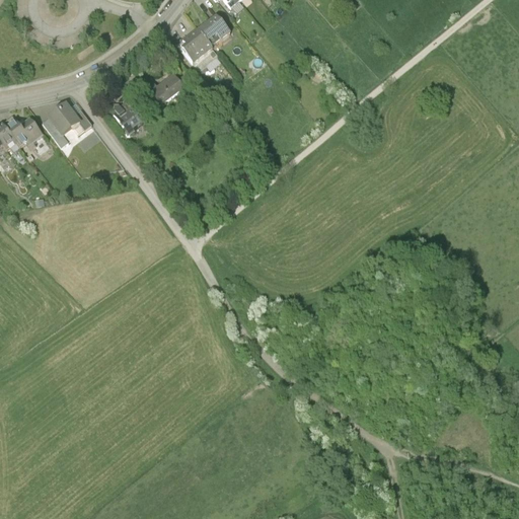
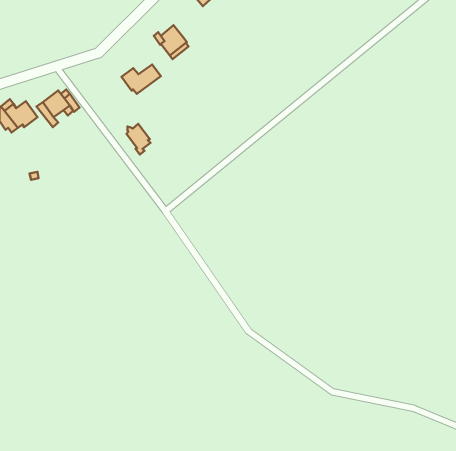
building: [197,14,229,44] -> none
building: [113,99,140,134] -> [126,124,151,154]

